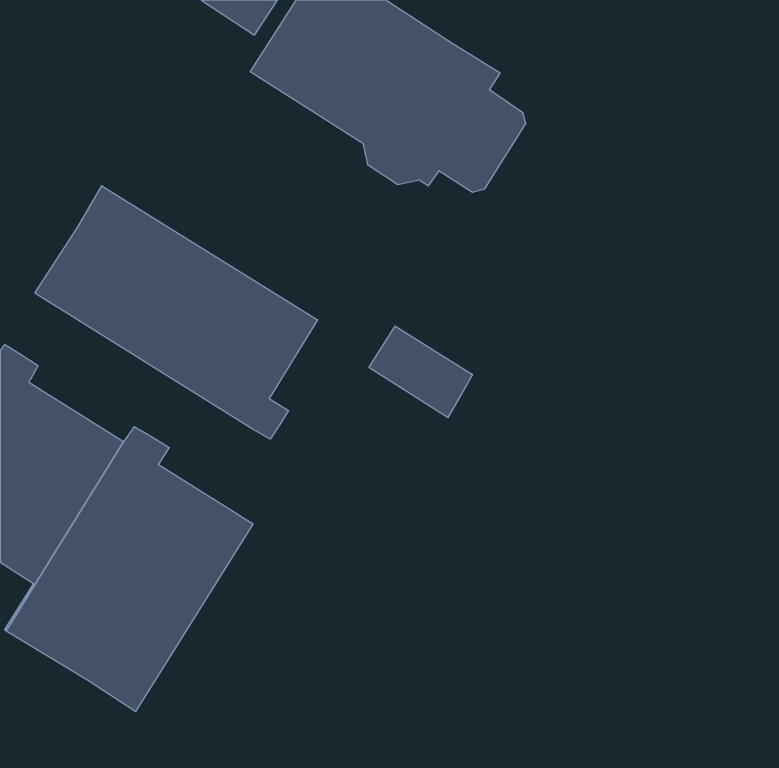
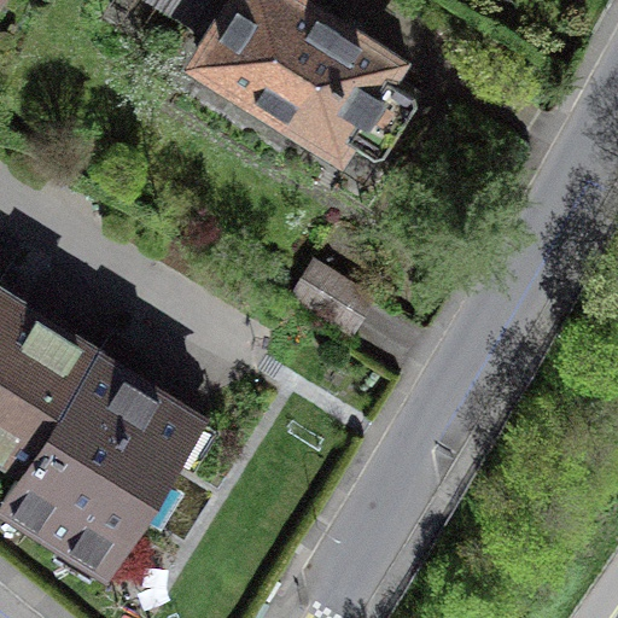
building: [35,186,318,439] -> none

